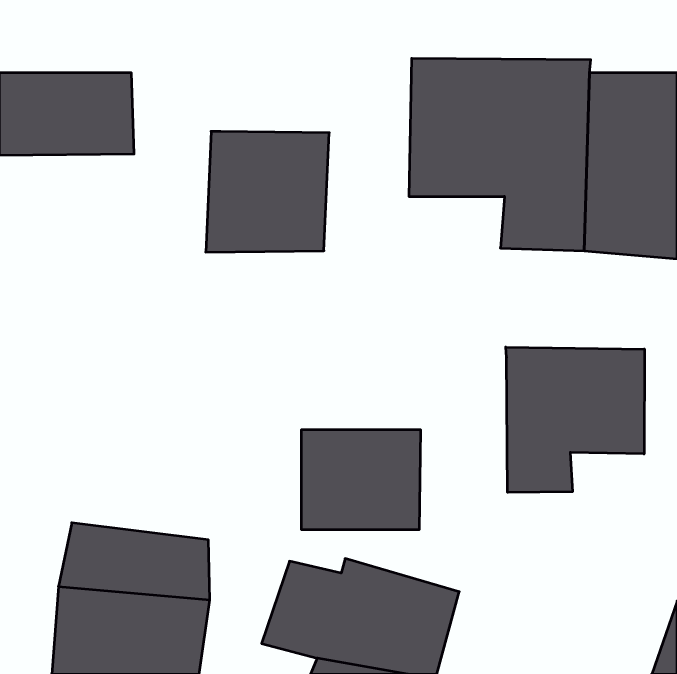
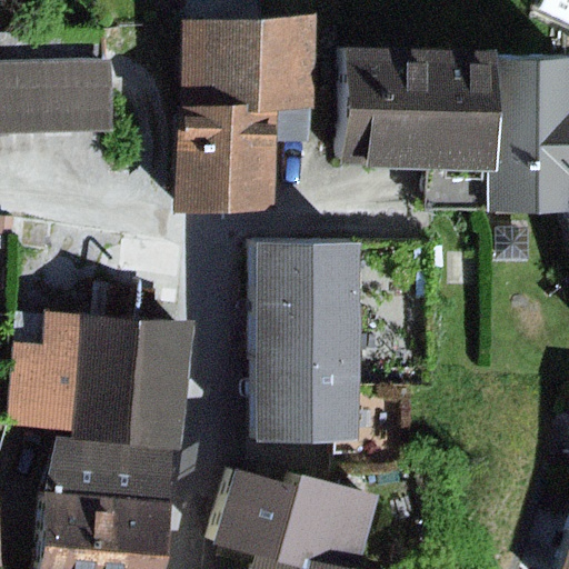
building: none -> [184,22,319,112]
building: none -> [252,246,352,360]
building: none -> [7,270,192,448]
building: [506,347,644,492] -> none

